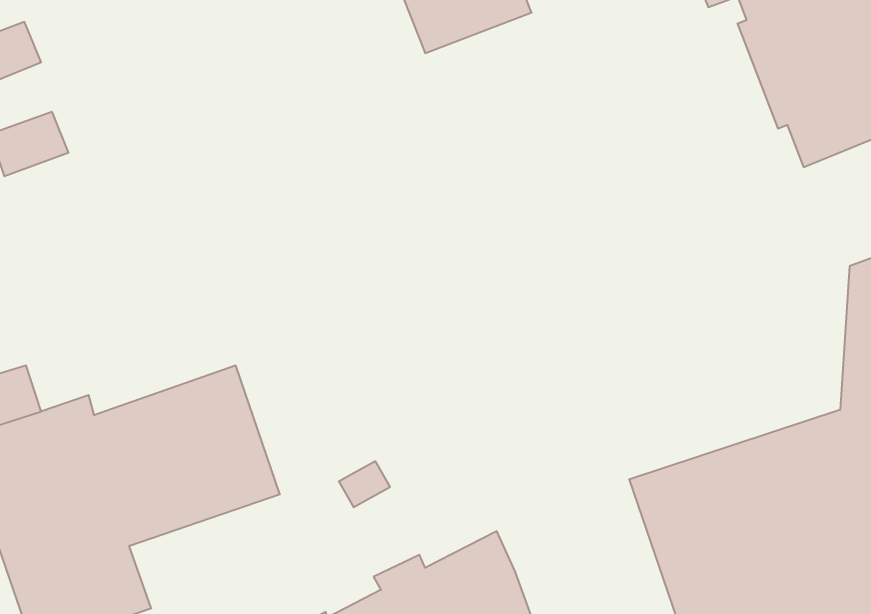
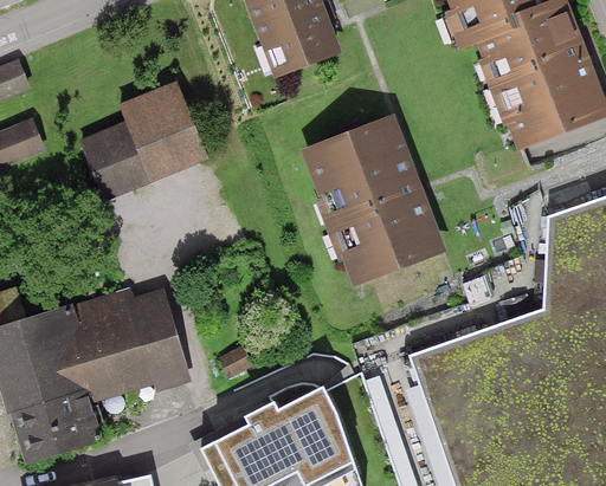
building: none -> [79,82,201,201]
building: none -> [302,115,445,286]

